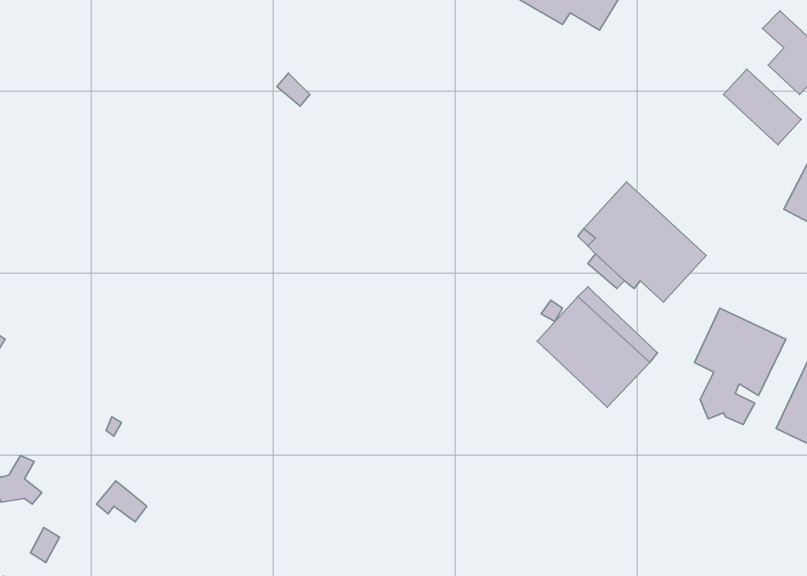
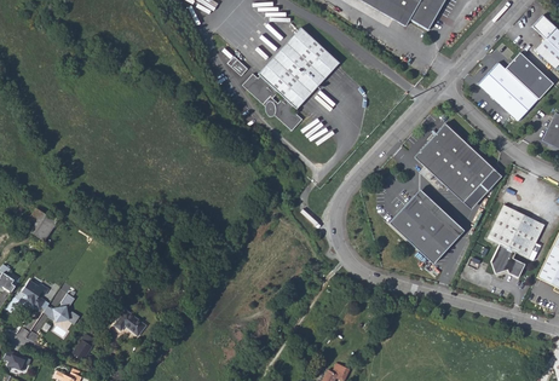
building: none -> [241,28,338,131]
building: none -> [480,64,538,121]
building: none -> [449,169,501,209]

